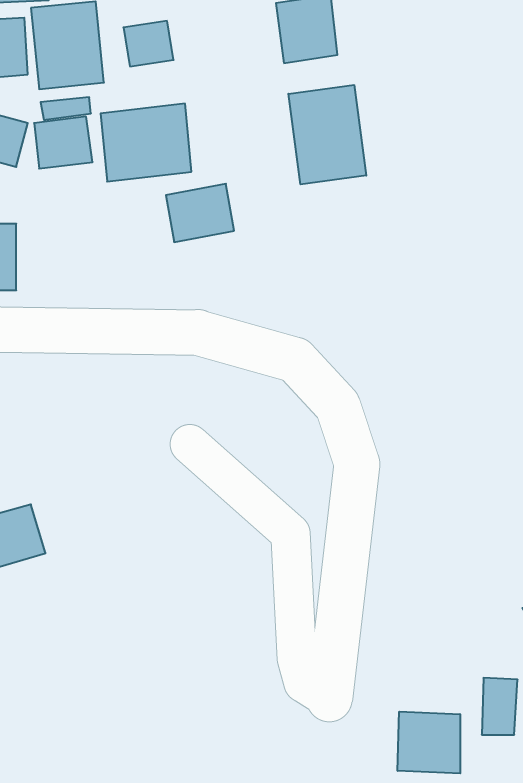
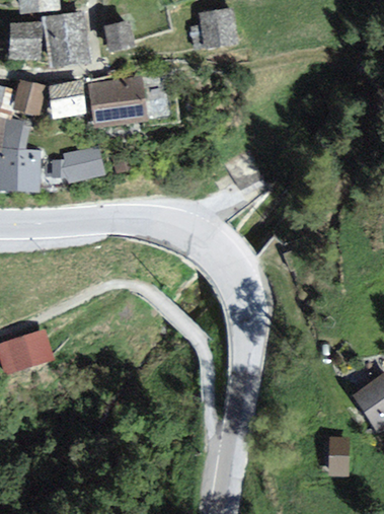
building: [288,85,366,184] -> none
building: [166,184,234,242] -> [63,145,105,181]
building: [398,712,460,773] -> none

